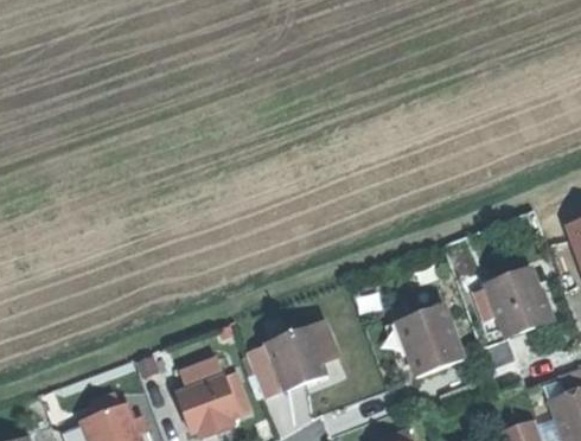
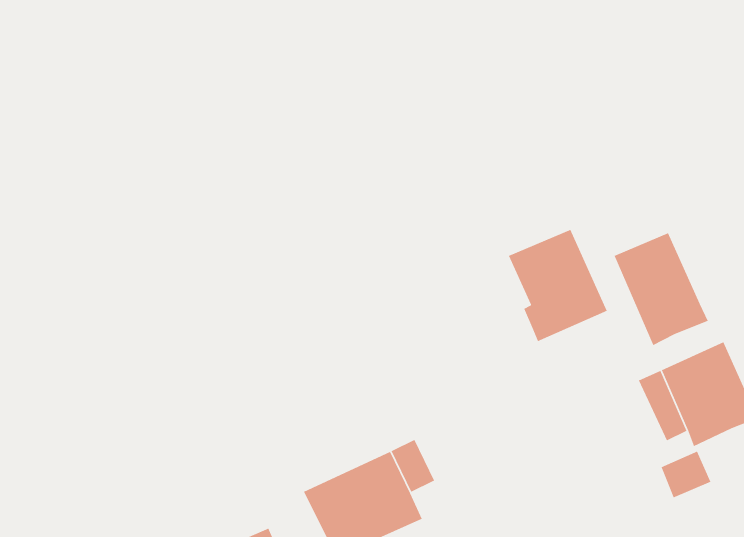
building: none -> [613,232,709,346]
building: [400,302,464,376] -> [508,229,608,342]

